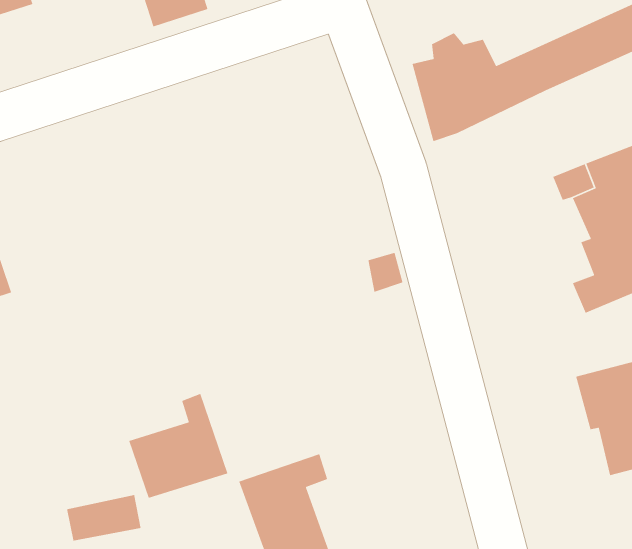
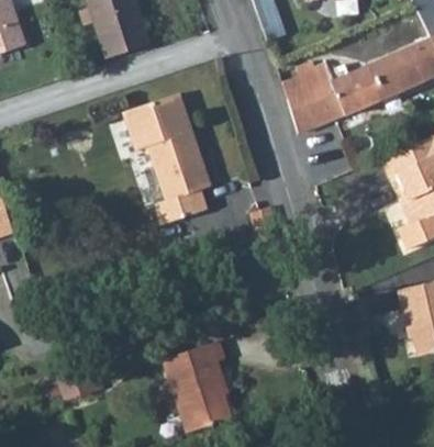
building: none -> [125,98,212,228]
building: [128,393,228,499] -> none

